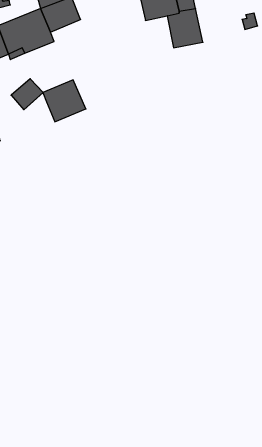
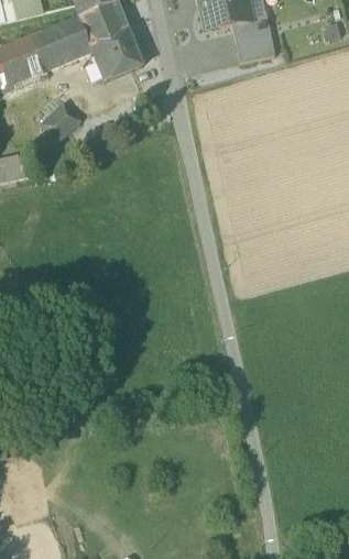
building: [43,80,86,122] -> [92,28,144,78]

